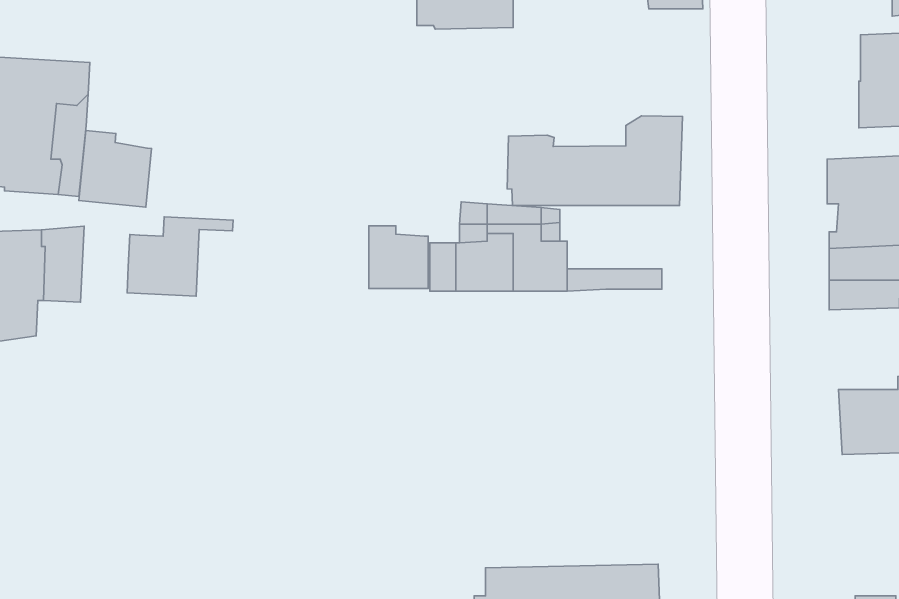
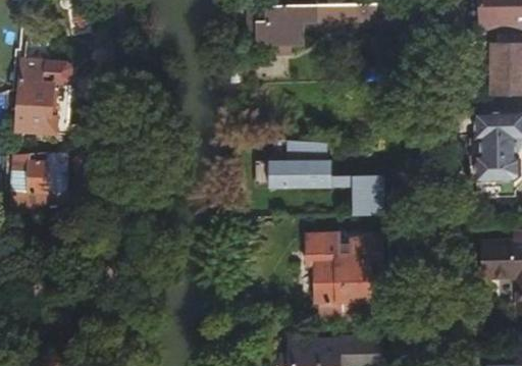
building: [507,116,682,206] -> none
building: [79,131,152,207] -> none
building: [127,217,233,296] -> none
building: [369,226,428,289] -> none
building: none -> [354,187,384,215]
building: none -> [307,233,384,322]

